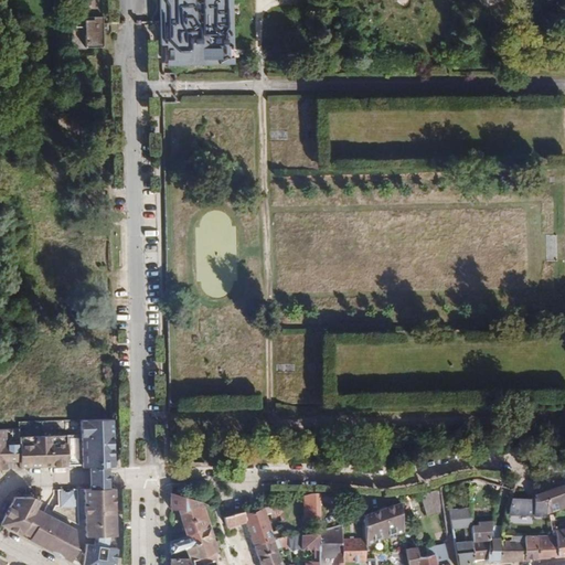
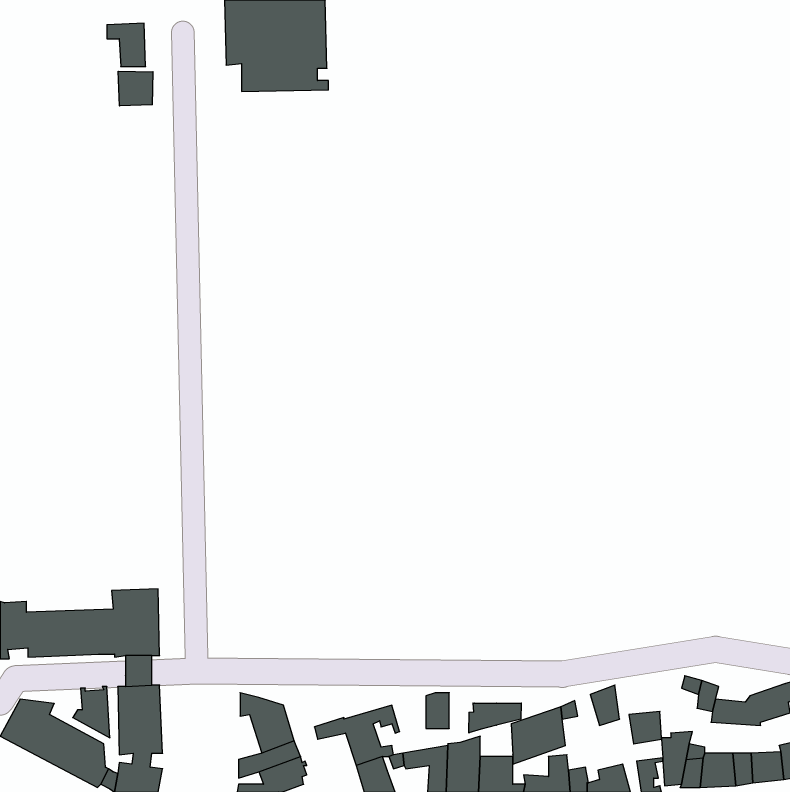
building: none -> [118,71,153,106]
building: none -> [469,703,521,733]

